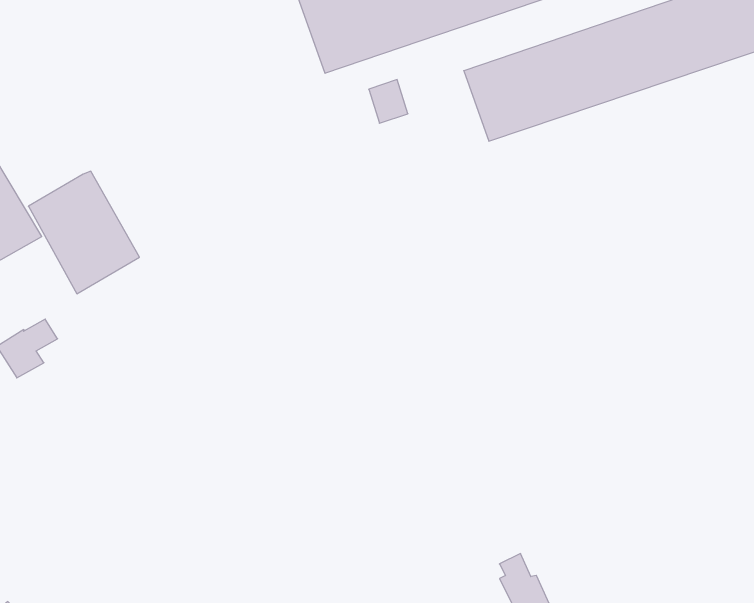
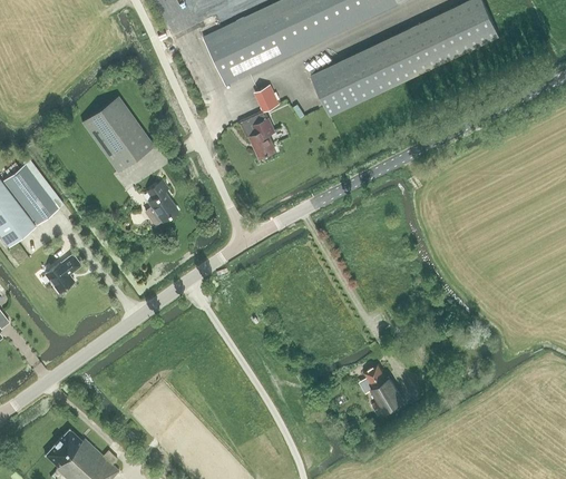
building: none -> [251,118,275,157]
building: [28,171,139,294] -> [82,96,154,172]
building: none -> [144,180,177,223]

